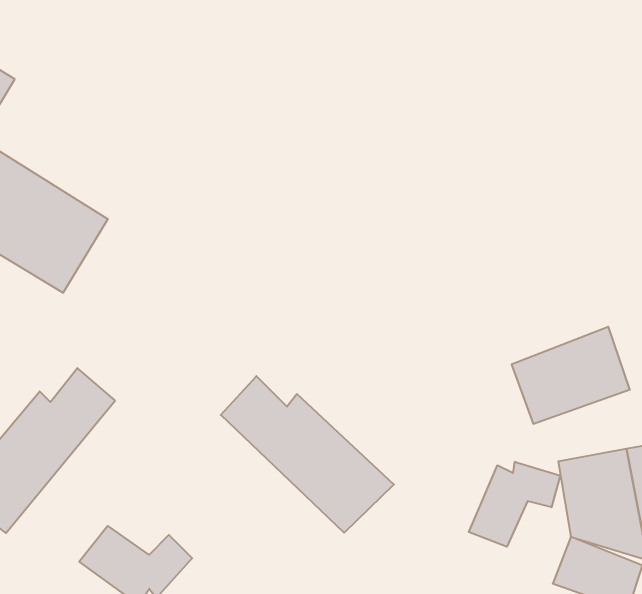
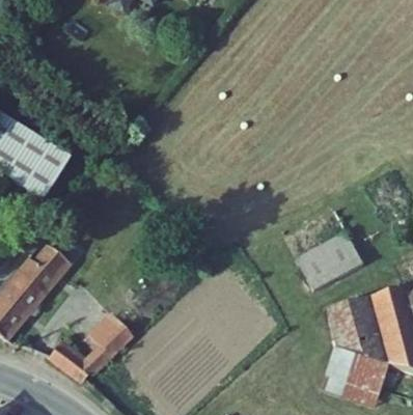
building: [221,376,394,533] -> none
building: [469,462,560,547] -> none
building: none -> [95,314,139,358]

